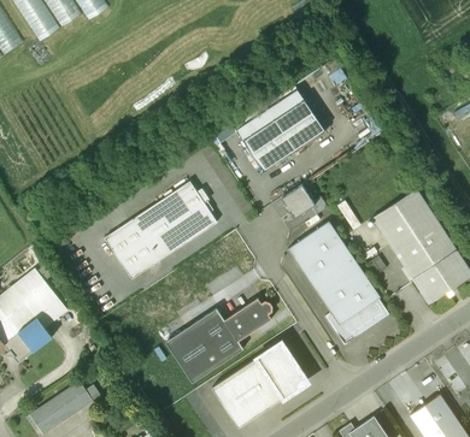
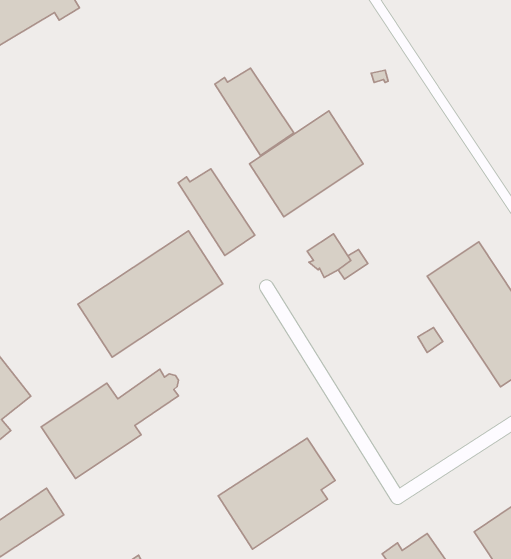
building: none -> [215,68,294,155]
building: none -> [178,169,255,256]
building: [287,222,388,344] -> none
building: [165,299,271,383] -> [41,369,179,478]

